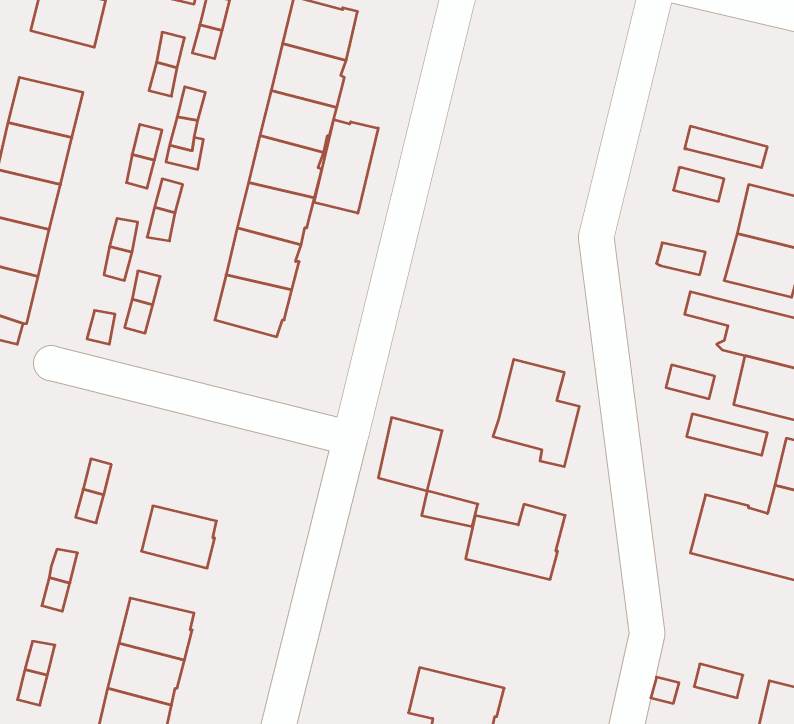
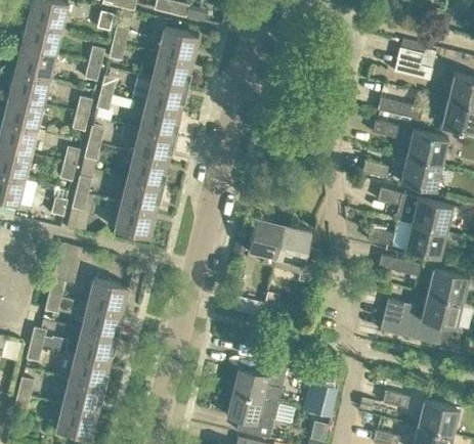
building: none -> [13,45,54,79]
building: none -> [392,47,431,80]
building: [314,119,378,213] -> none
building: none -> [114,203,154,237]
building: [378,418,442,491] -> [248,217,283,257]
building: none -> [86,277,128,312]
building: [466,504,565,579] -> [231,362,286,403]
building: none -> [74,328,116,362]
building: none -> [307,384,335,415]

